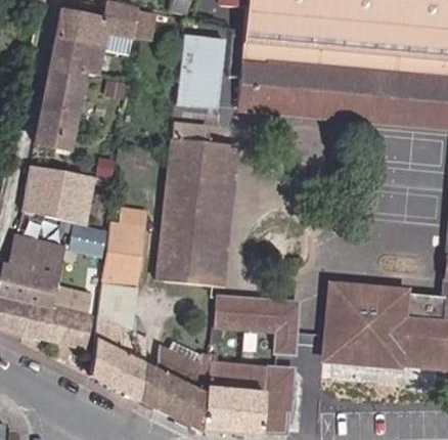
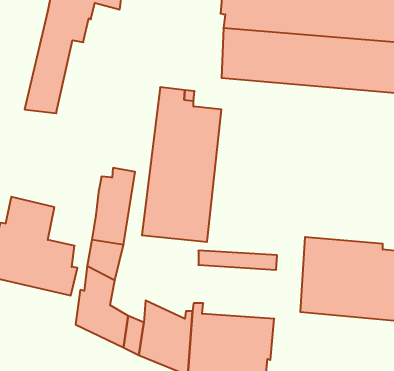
building: [176,33,226,106] -> none
building: [27,169,93,222] -> none
building: [70,225,109,257] -> none
building: [215,310,299,355] -> none

